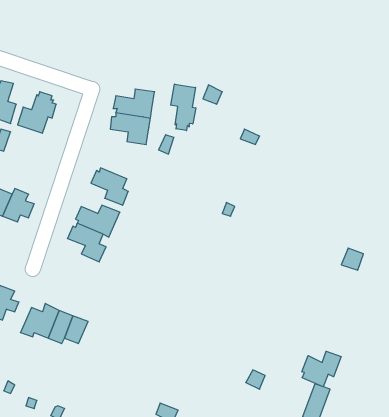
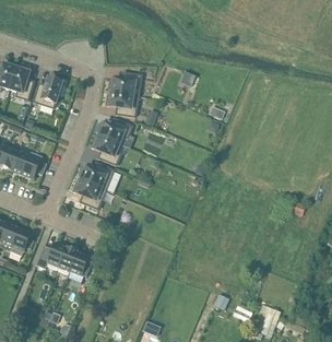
building: [171,84,196,131] -> none
building: none -> [98,120,132,143]
building: [302,351,341,387] -> none

